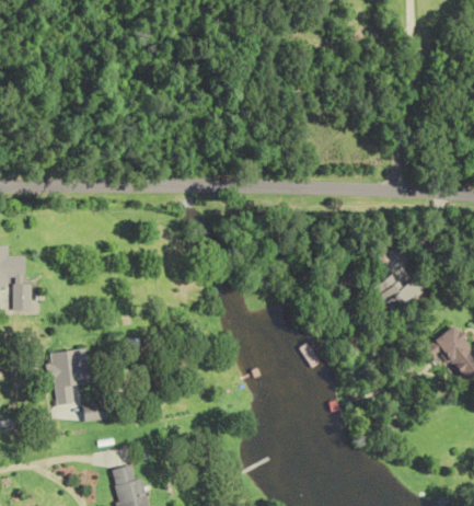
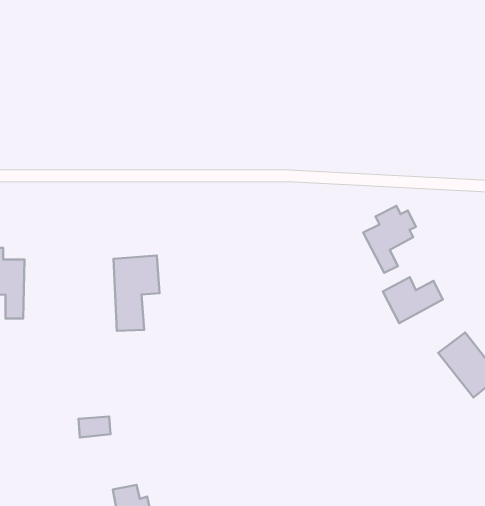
building: none -> [363,206,416,273]
building: [49,349,92,419] -> [113,255,159,331]

